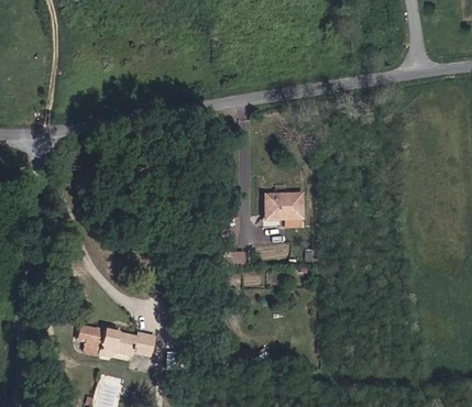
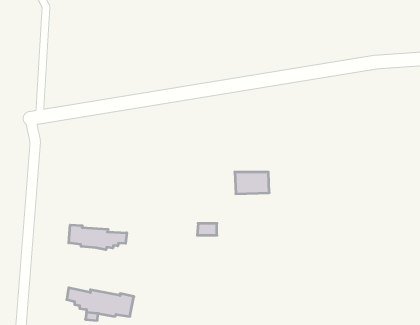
building: none -> [69,225,127,250]

